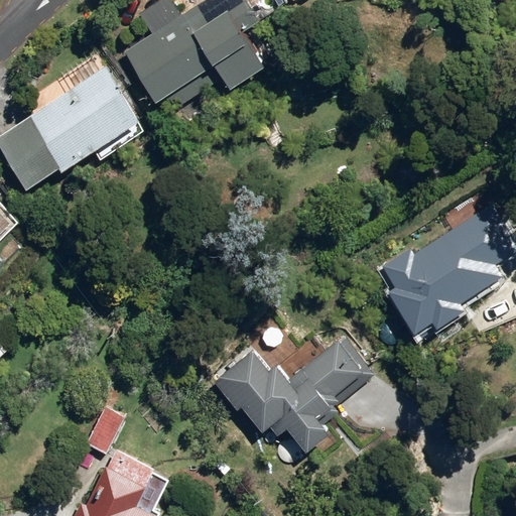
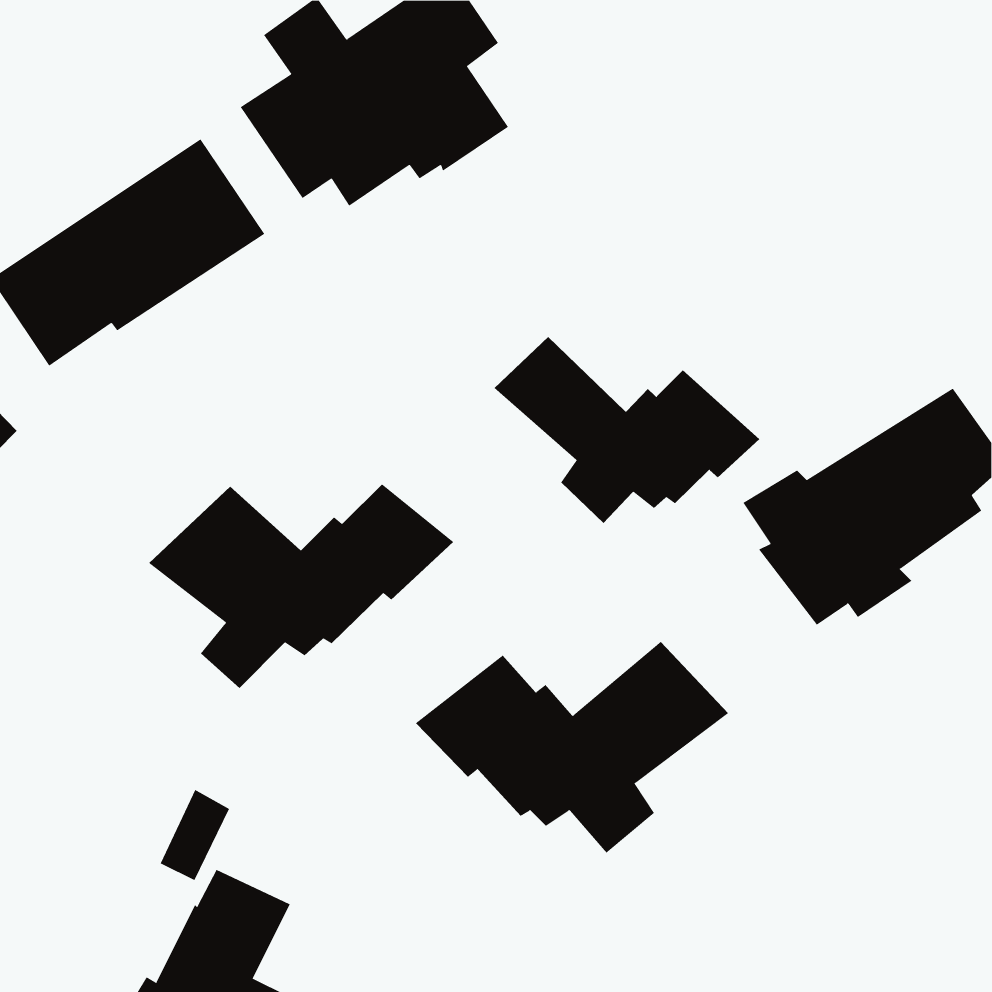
building: none -> [493,336,760,524]
building: none -> [148,483,454,689]

